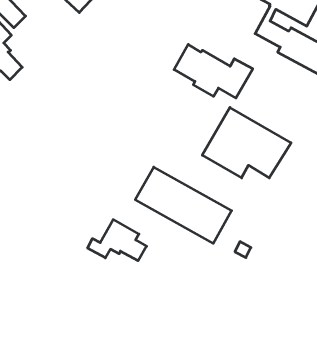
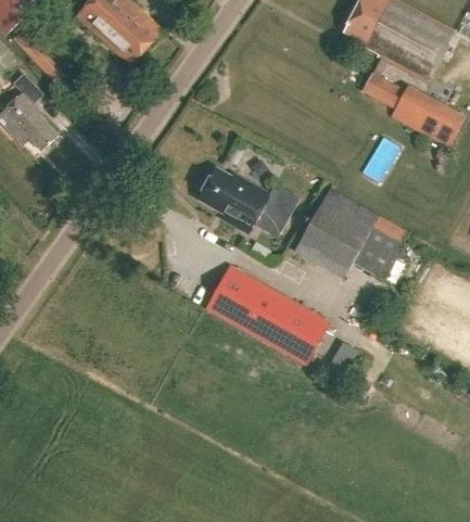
building: [174,44,253,98] -> [196,166,298,235]
building: [88,220,147,261] -> none

